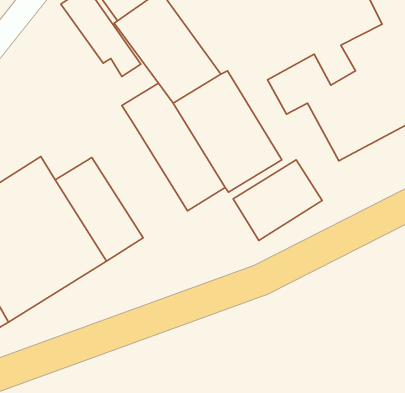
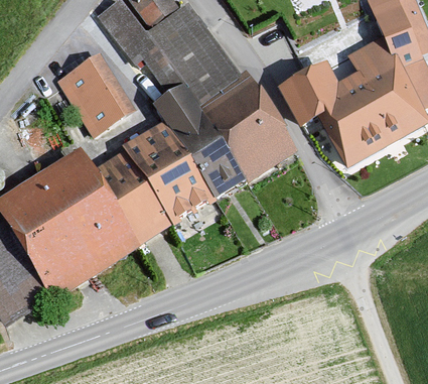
building: none -> [57,52,135,132]
building: none -> [123,121,212,225]
building: [233,160,322,240] -> none

